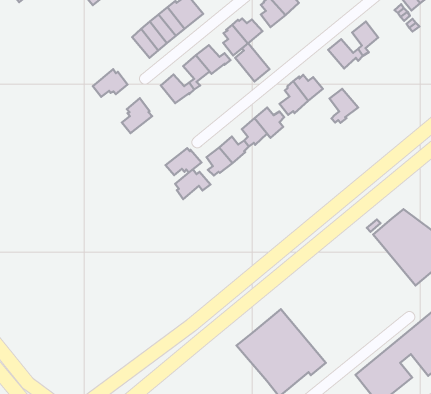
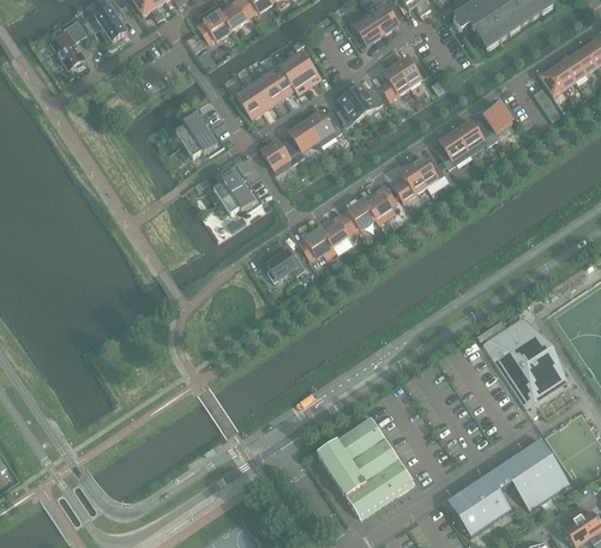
building: [235,43,270,82] -> none
building: none -> [176,107,210,144]
building: [329,89,358,123] -> [439,131,470,169]
building: [166,148,202,175] -> [222,185,263,213]

